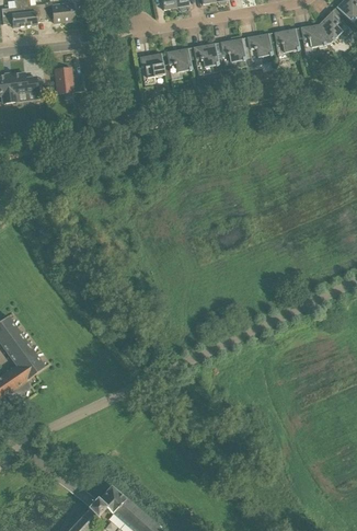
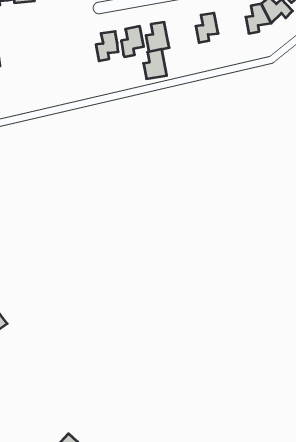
building: [276,26,300,59] -> none
building: [222,36,247,68] -> [143,49,167,79]
building: [55,66,85,92] -> none

